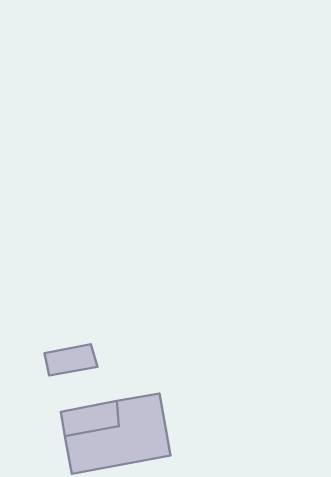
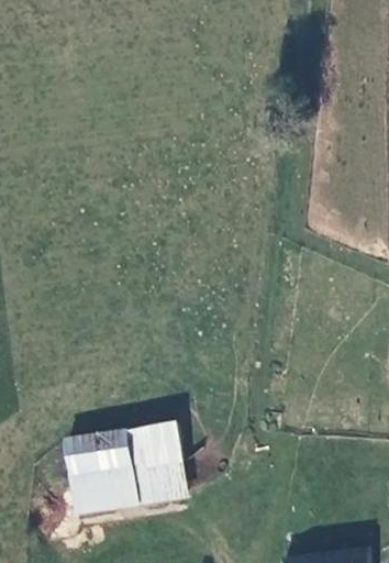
building: [45,344,98,375] -> none

